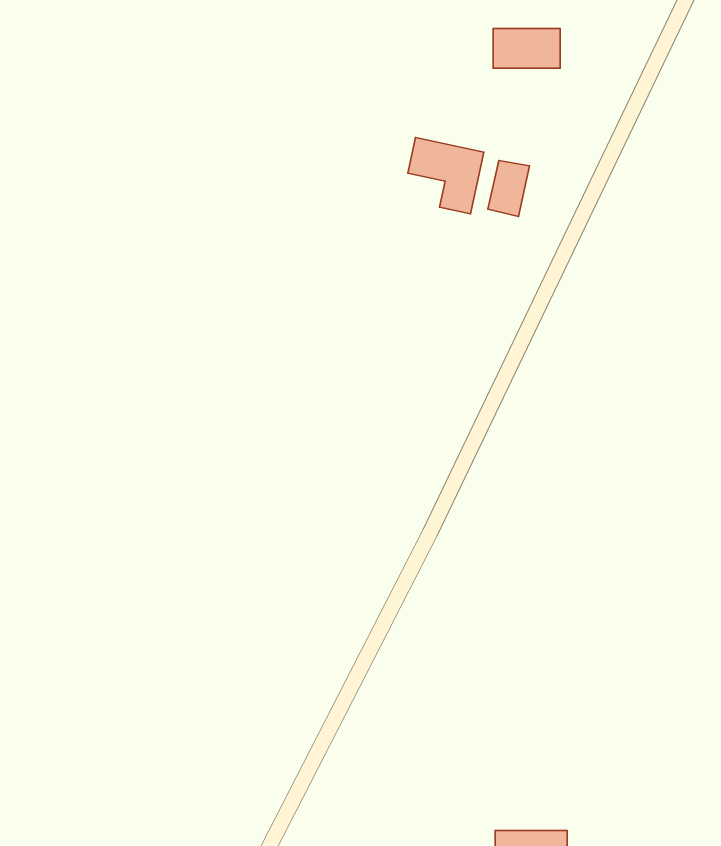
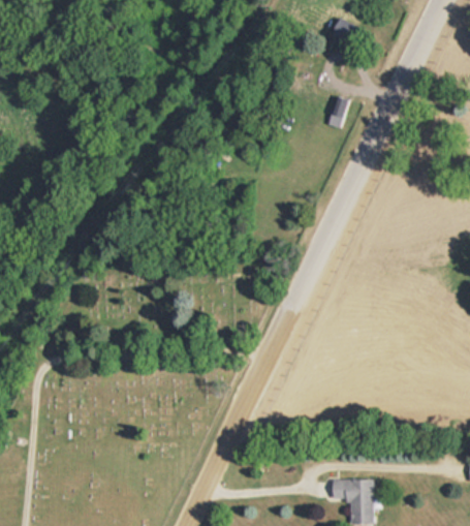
building: [408,138,484,214] -> none

